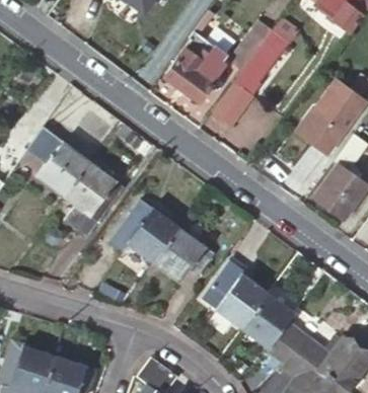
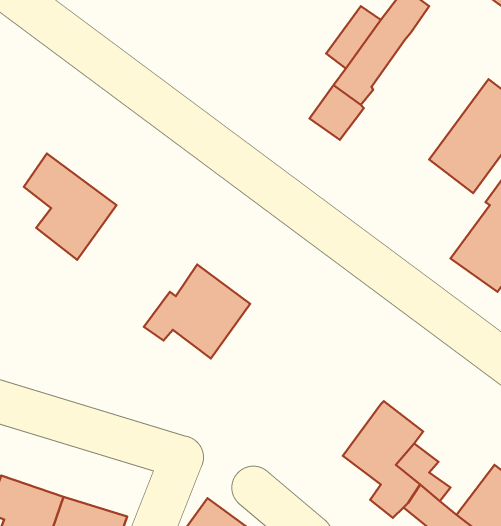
building: [164,30,226,102] -> none
building: [63,161,124,239] -> none
building: [152,227,214,283] -> none
building: [200,258,268,328] -> none

